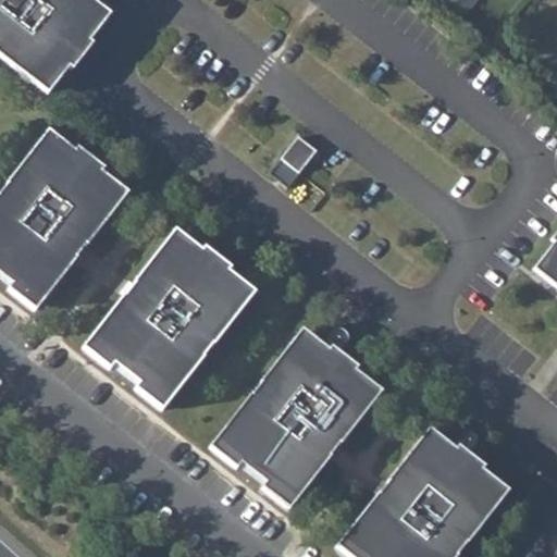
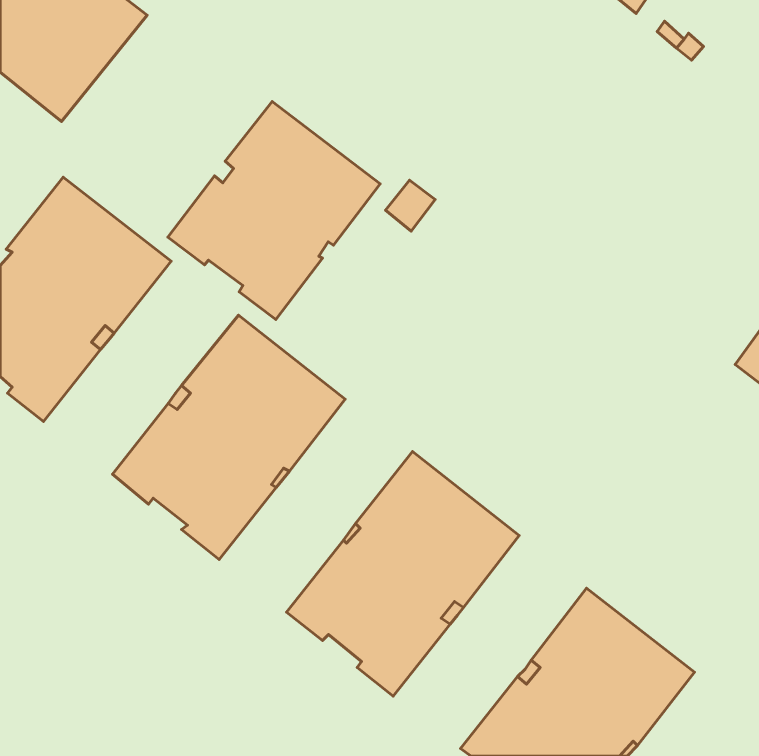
building: none -> [168,101,380,320]

